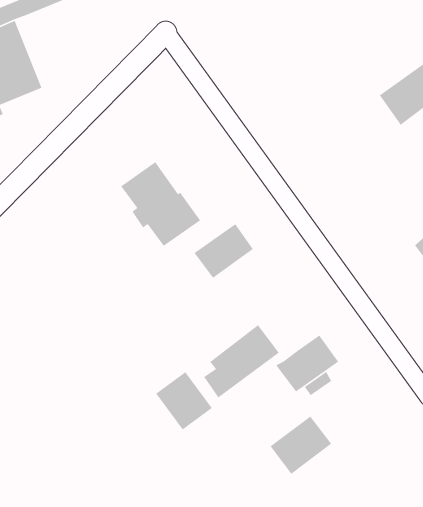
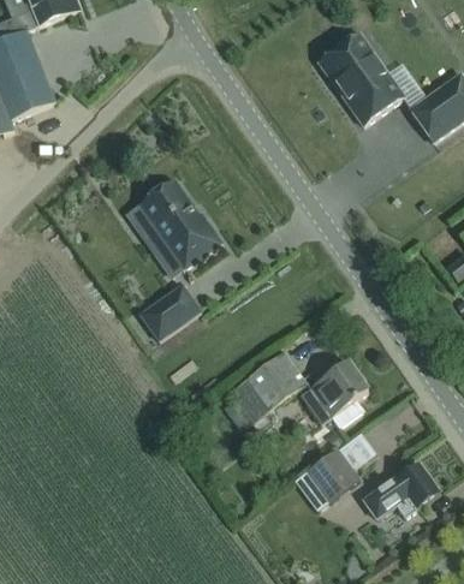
building: none -> [317,31,403,124]
building: [193,223,254,279] -> [138,281,202,340]
building: [155,371,213,430] -> none
building: none -> [364,463,438,516]

